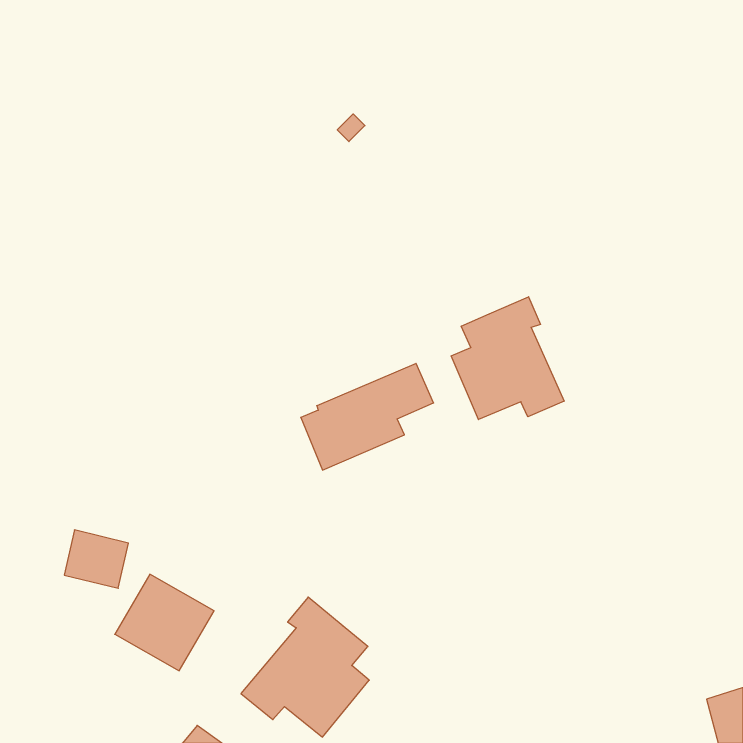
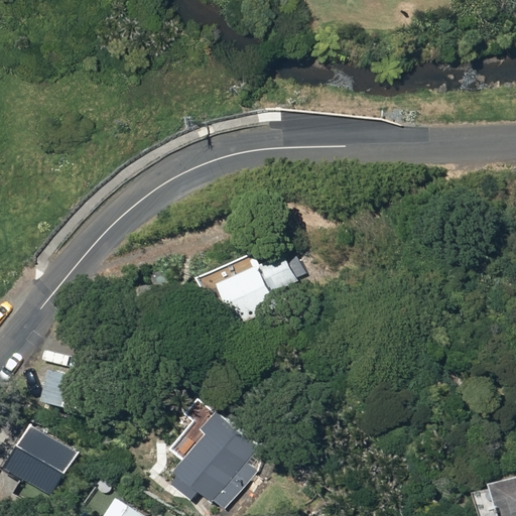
building: [451,297,564,420] -> none
building: [115,574,214,671] -> [6,426,75,493]

